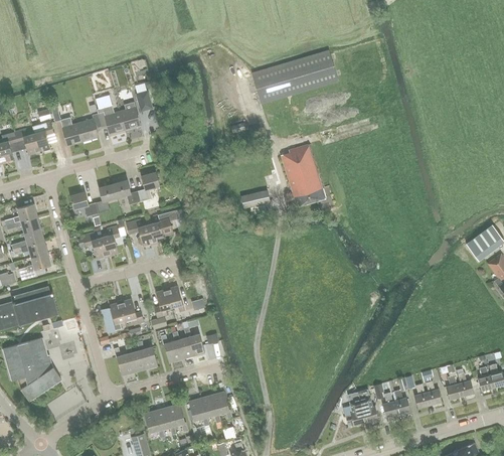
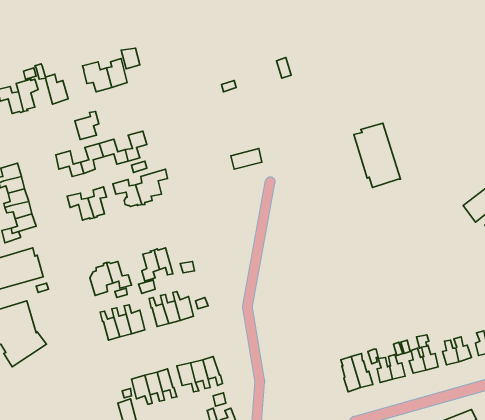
building: [251,50,338,104] -> none
building: [77,114,101,141] -> [75,111,99,139]
building: [281,144,326,206] -> [354,123,400,187]

